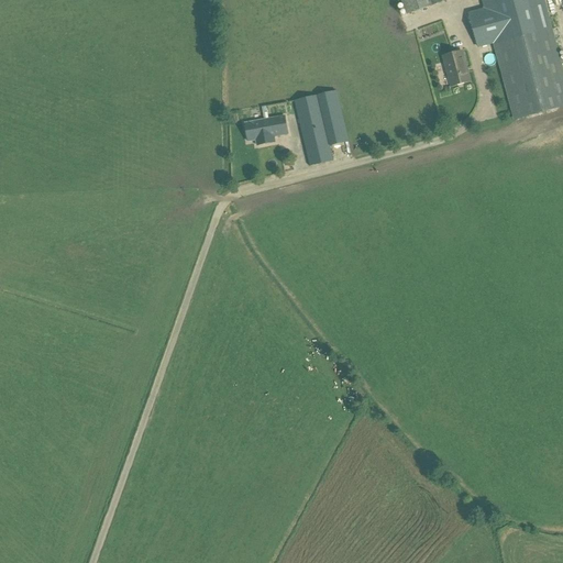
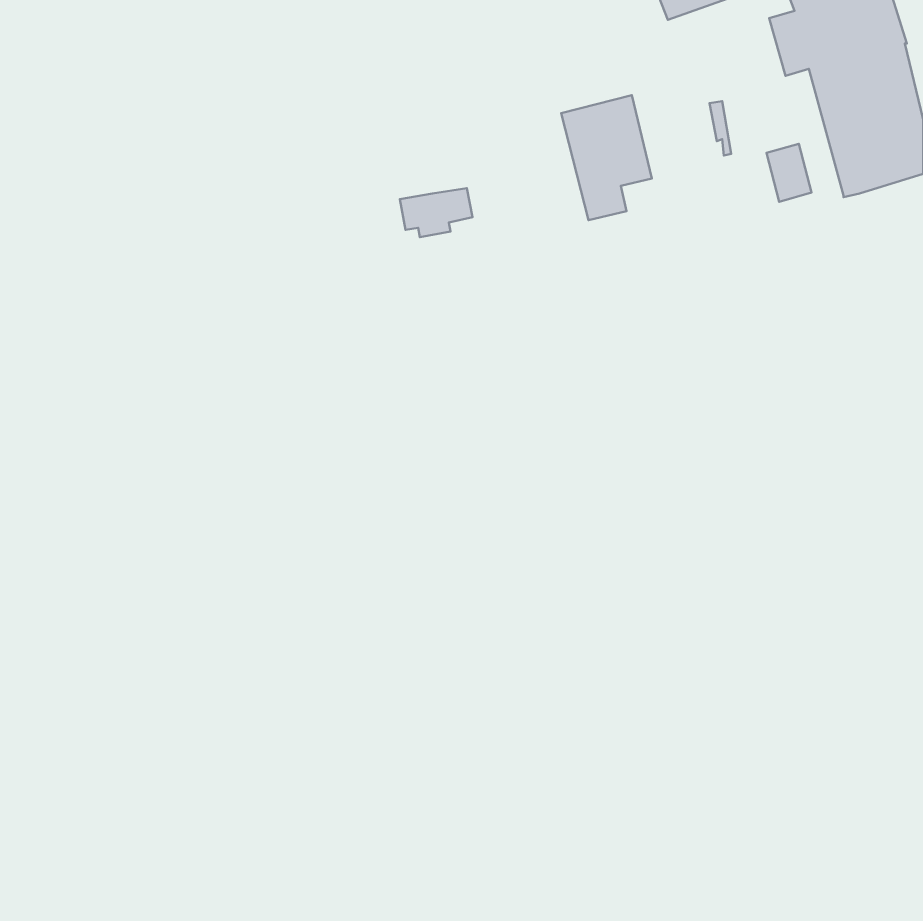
building: [442,49,470,85] -> [766,144,812,202]
building: [292,89,347,165] -> [561,95,652,220]

